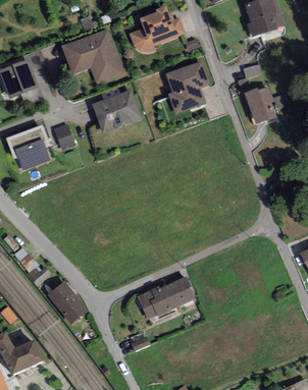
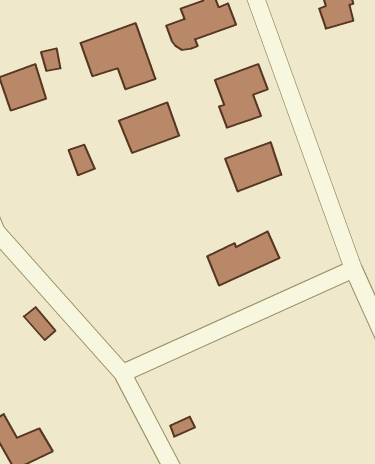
building: [246,87,277,122] -> none
building: none -> [225,142,281,192]
building: [6,126,49,167] -> none
building: [138,278,194,320] -> [207,231,280,285]
building: [49,283,85,321] -> none

